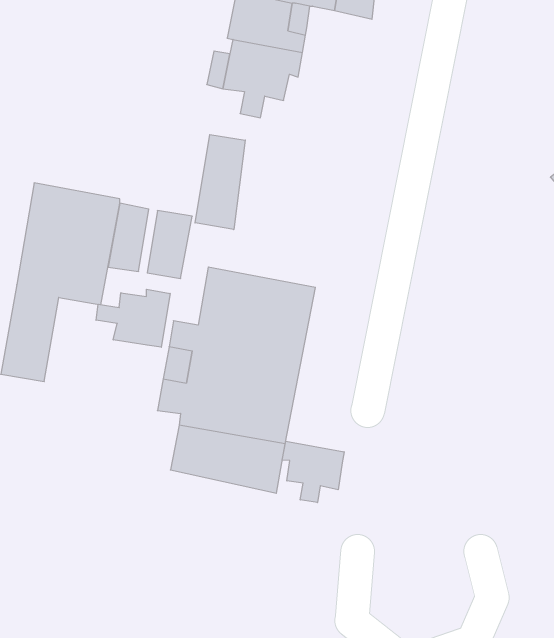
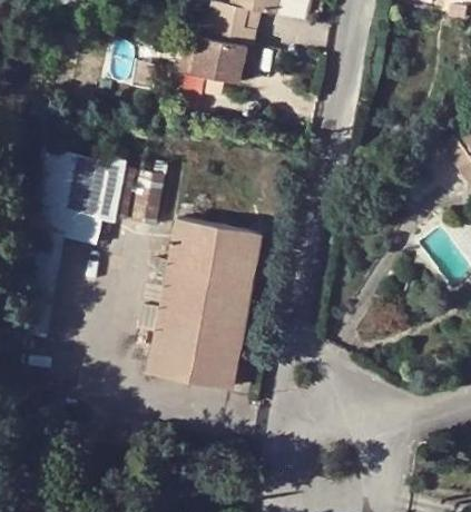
building: [195,135,245,230] -> none
building: [96,289,170,347] -> none
building: [282,441,344,503] -> none

